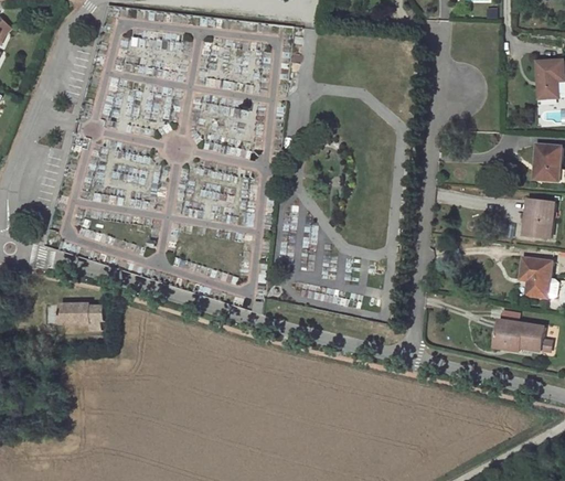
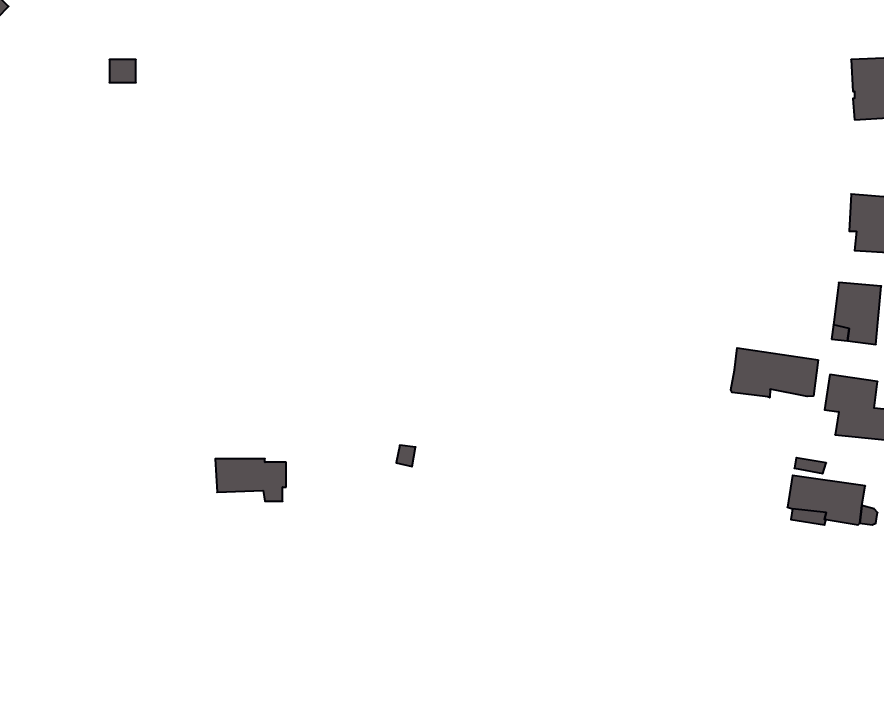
building: none -> [731,348,818,398]
building: [58,303,103,330] -> [215,459,286,501]

